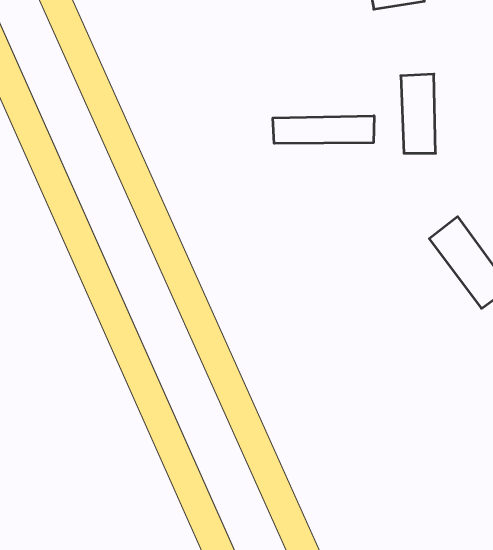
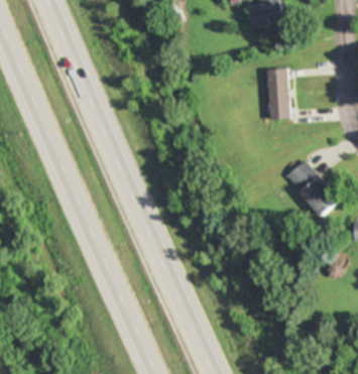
building: [273,116,374,143] -> none

